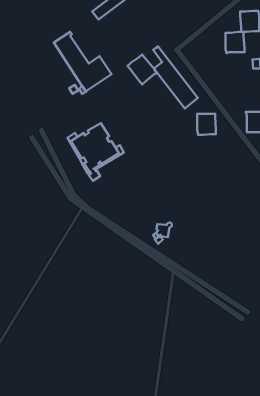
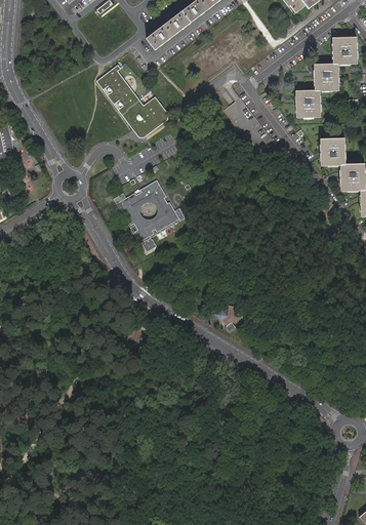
building: none -> [293,90,318,118]
building: [127,54,157,84] -> none
building: [197,114,216,135] -> [319,139,342,166]

